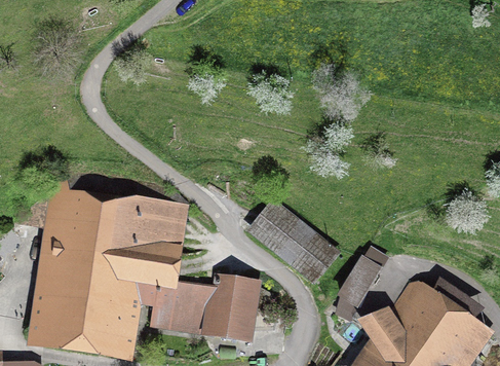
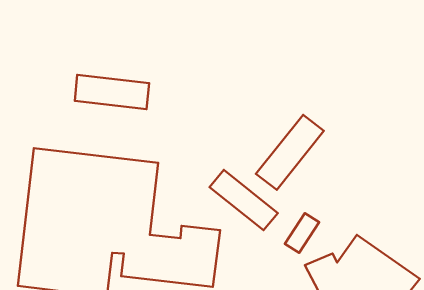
building: none -> [75,75,149,109]
building: none -> [256,115,324,190]

